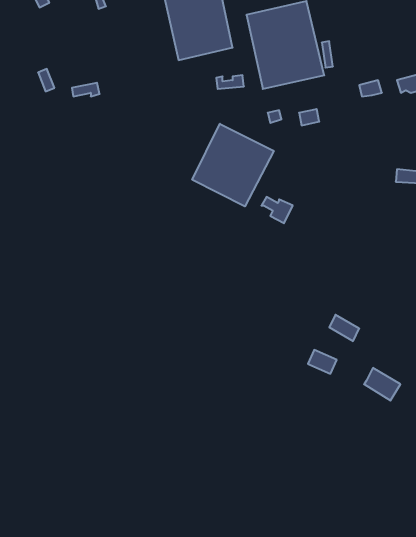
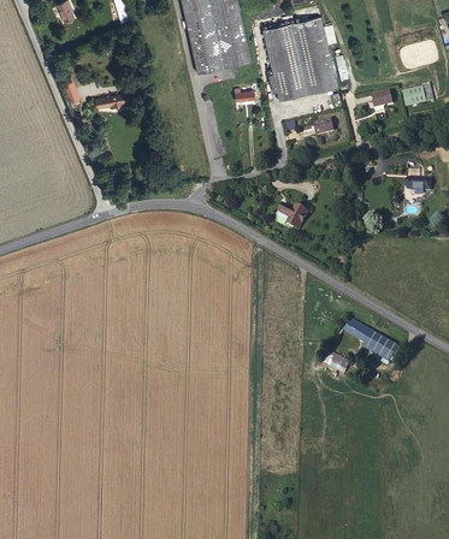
building: [192,124,274,206] -> none
building: [364,368,400,401] -> [362,330,397,361]

